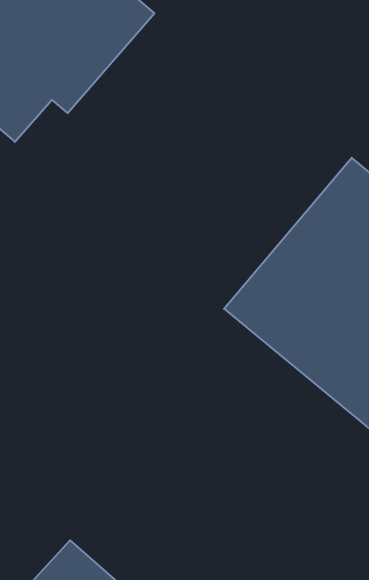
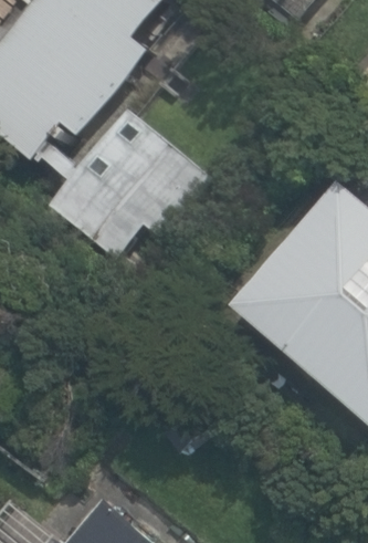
building: none -> [62,114,213,254]

